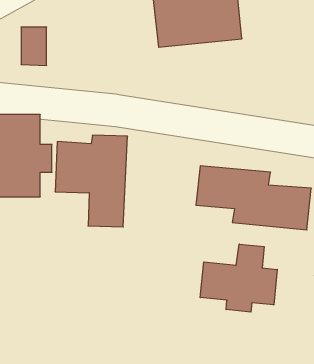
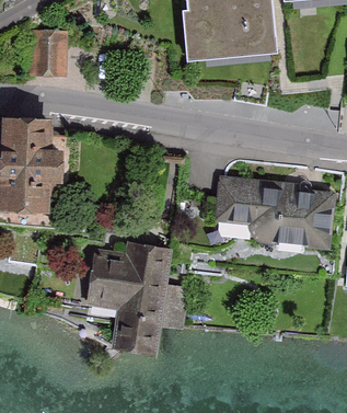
building: [55,135,128,227] -> [94,250,169,344]
building: [200,244,277,312] -> none

